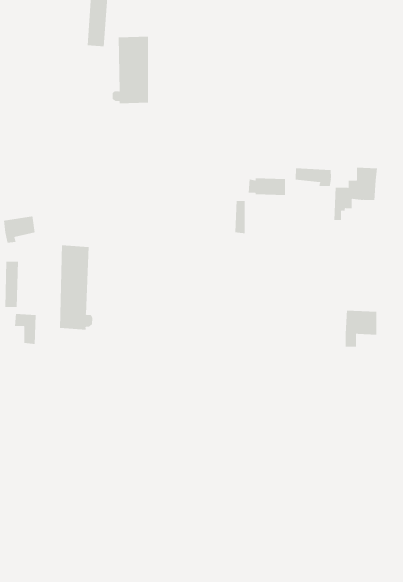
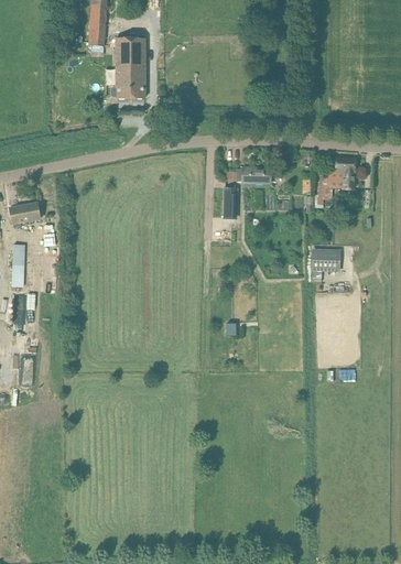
building: [295,168,331,187] -> none
building: [59,244,93,331] -> none
building: [345,310,377,347] -> [311,247,340,281]

